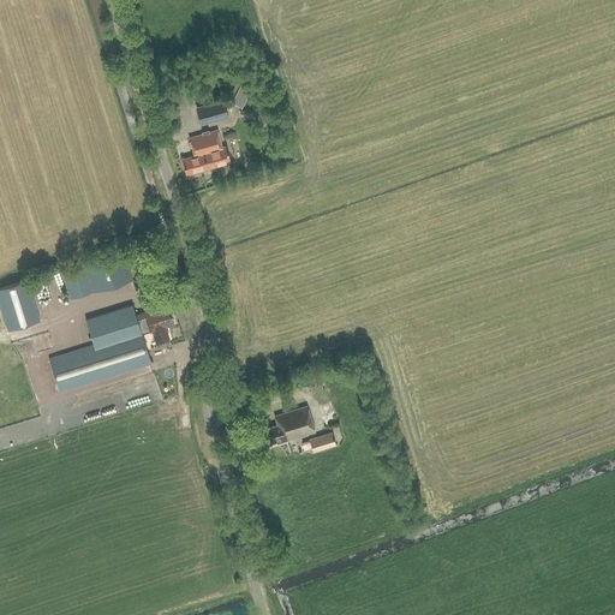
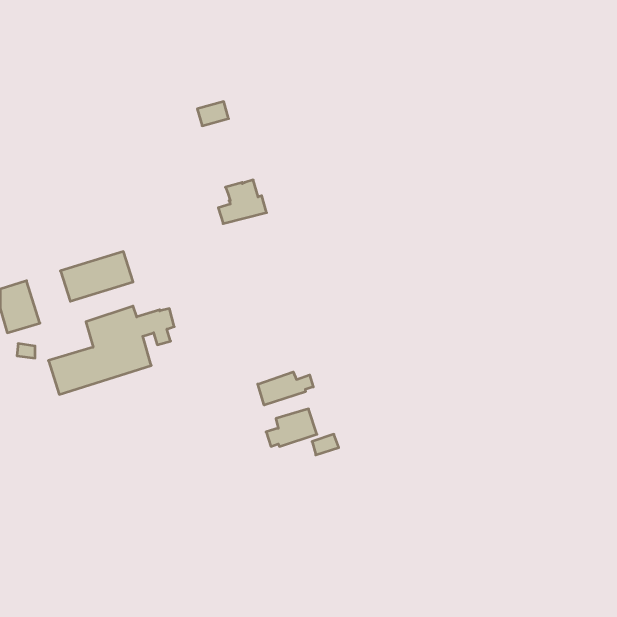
building: [183,132,231,175] -> [218,180,267,224]
building: none -> [258,372,313,405]

